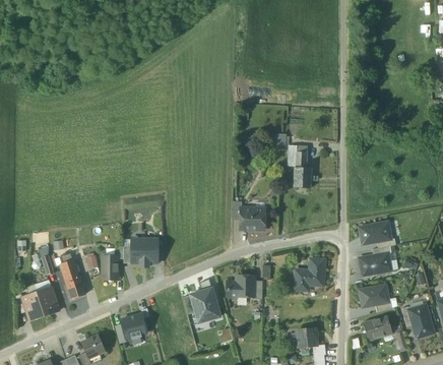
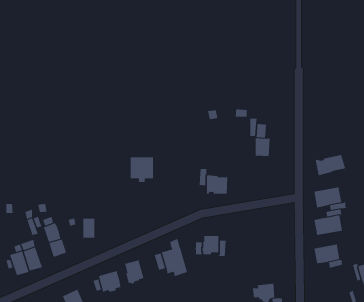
building: none -> [315,154,346,176]
building: [131,238,157,266] -> [130,157,154,183]
building: [294,258,324,290] -> none
building: none -> [123,260,144,284]
building: [362,313,391,340] -> none

